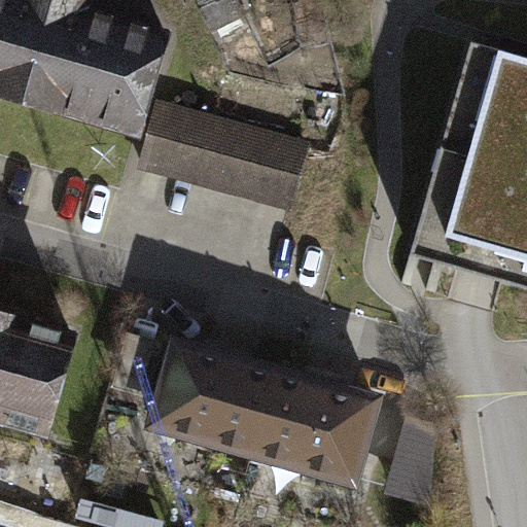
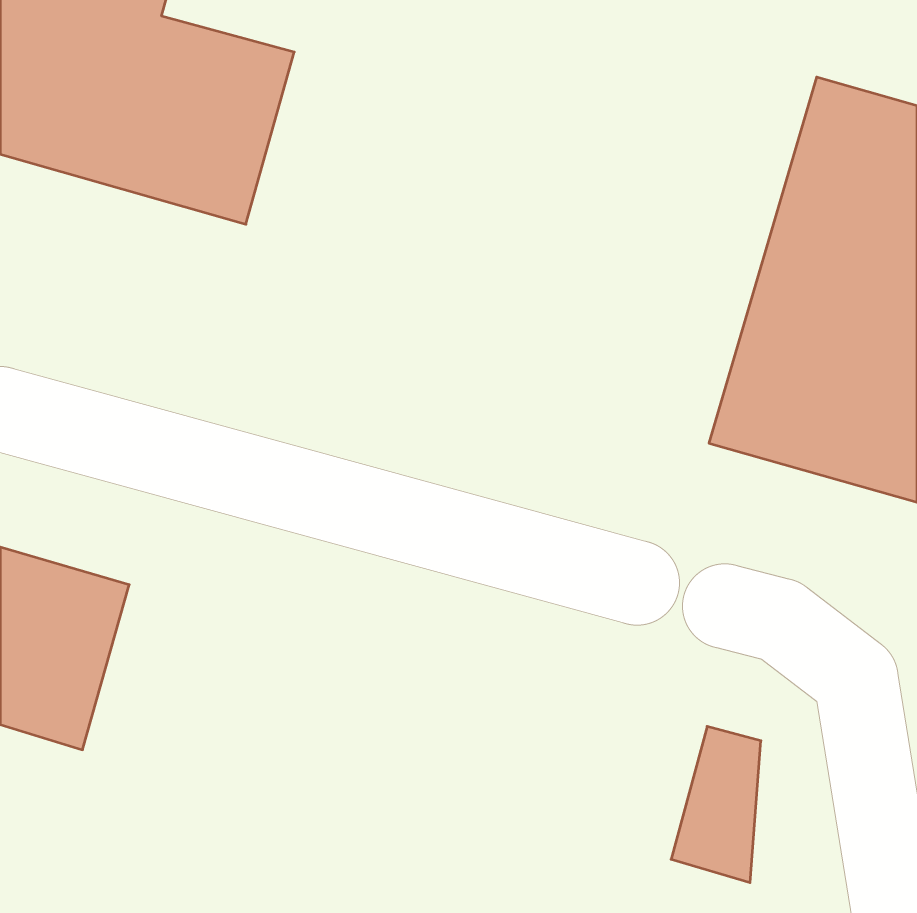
building: [139,100,312,211] -> none
building: [159,346,371,482] -> none

